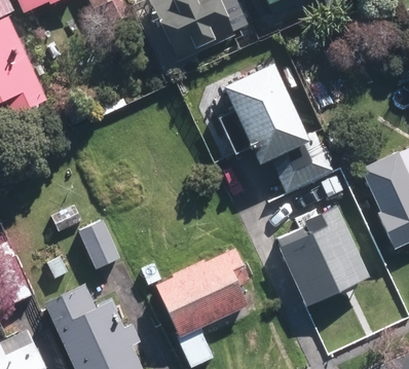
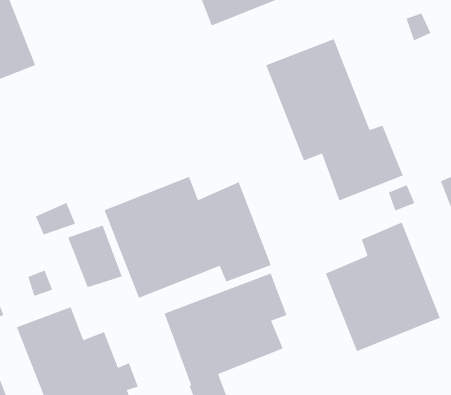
building: none -> [104,176,272,299]

